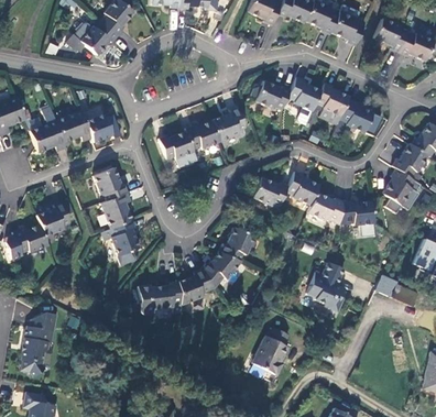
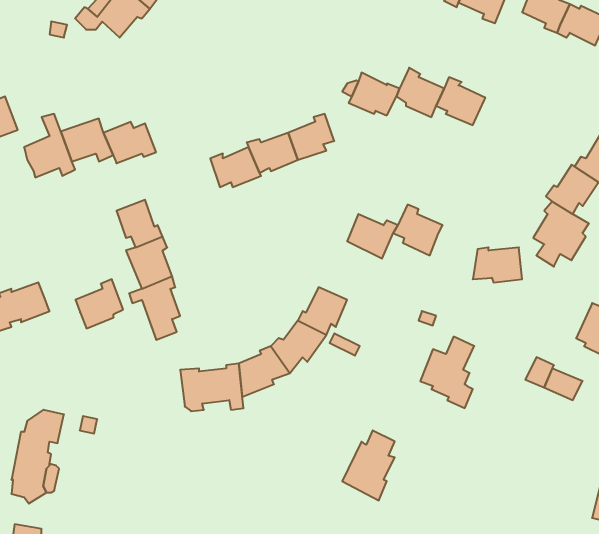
building: [340,99,373,132] -> none
building: [309,191,345,222] -> none
building: [37,201,70,235] -> [75,279,123,328]

